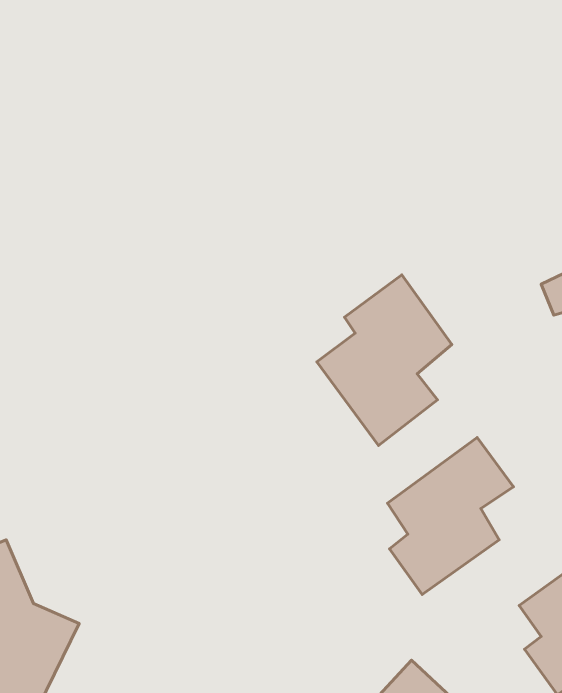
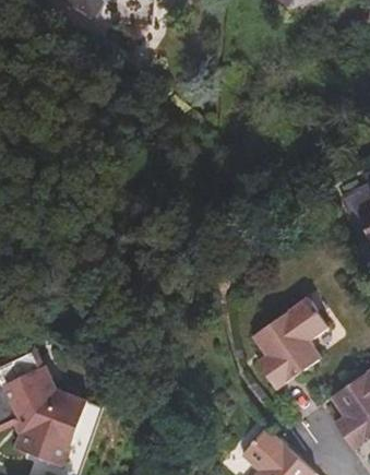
building: [317,275,452,446] -> none

